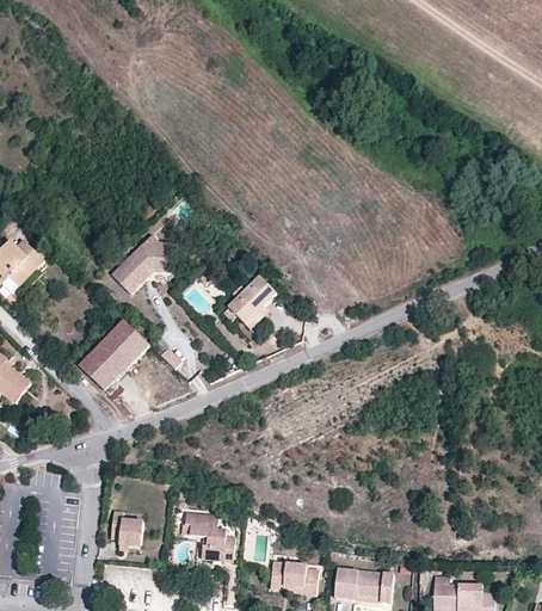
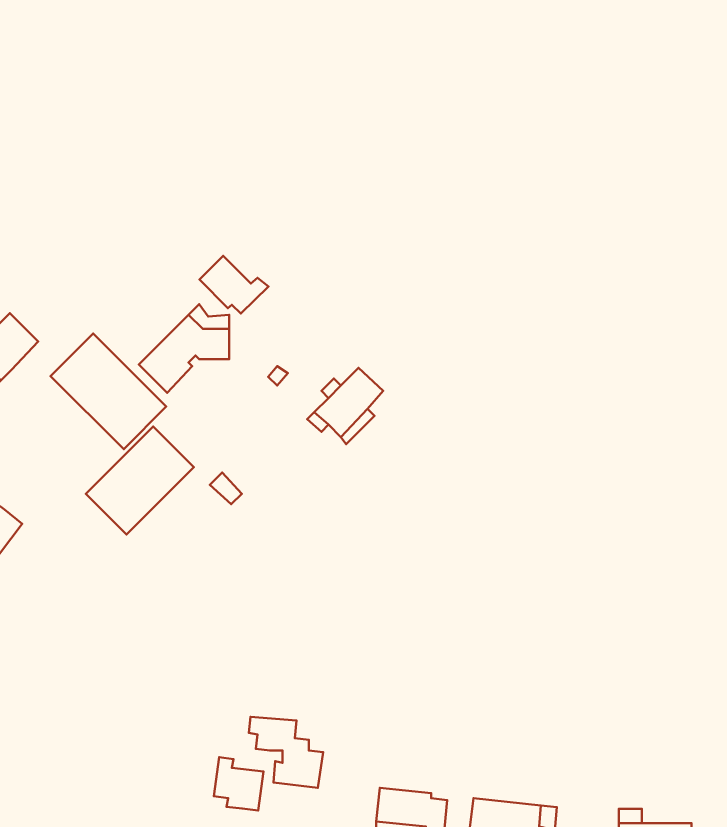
building: none -> [199,256,269,314]
building: none -> [51,333,166,449]
building: [111,511,144,547] -> [214,757,264,810]

